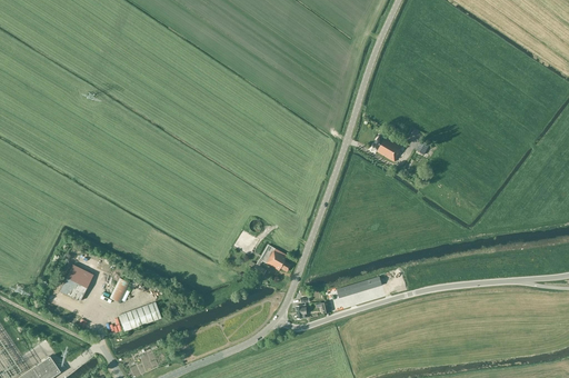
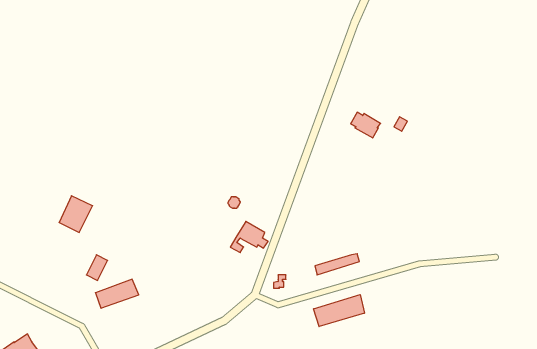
building: [60,265,93,301] -> [59,196,93,232]
building: none -> [314,295,364,327]

